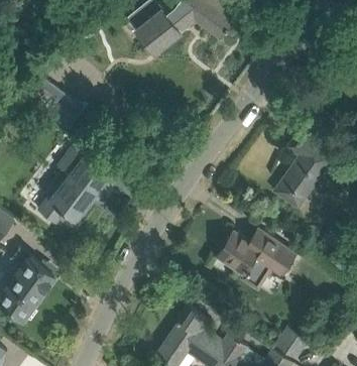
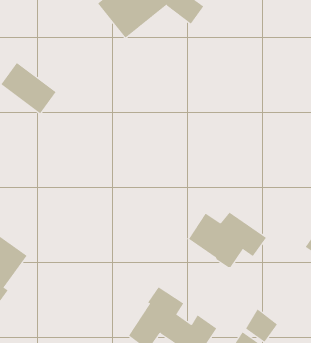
building: [275,133,332,207] -> none
building: [37,147,117,223] -> none

